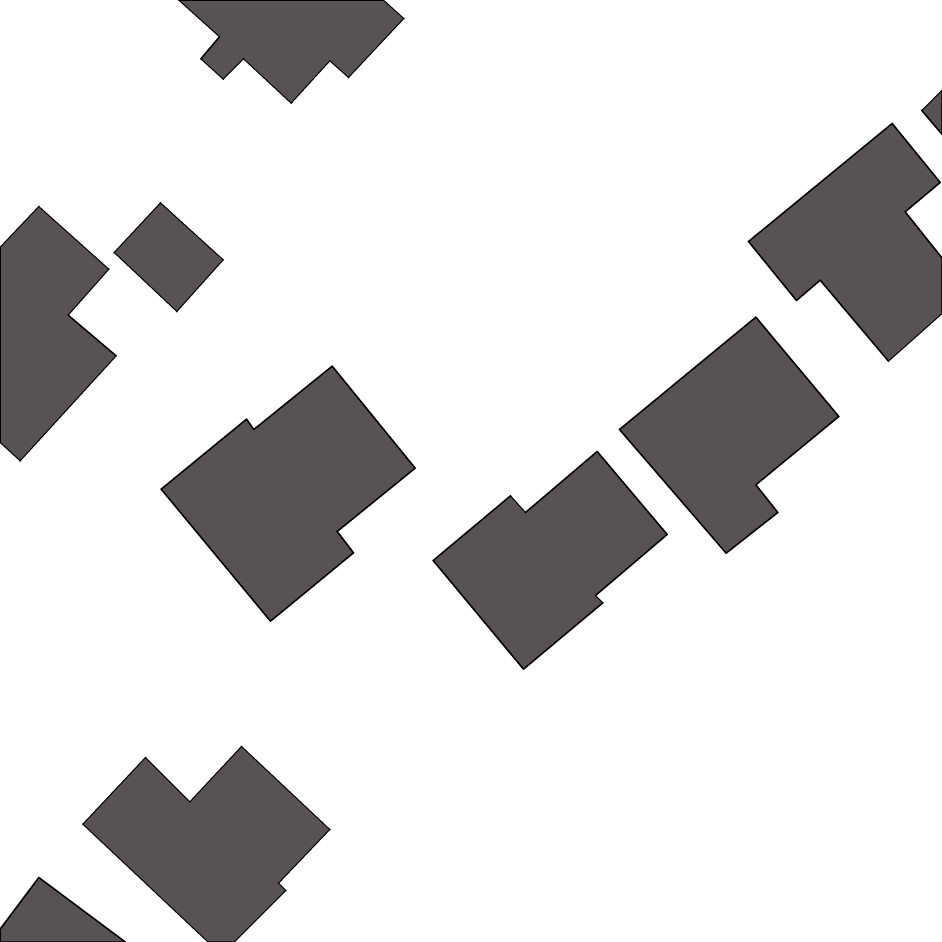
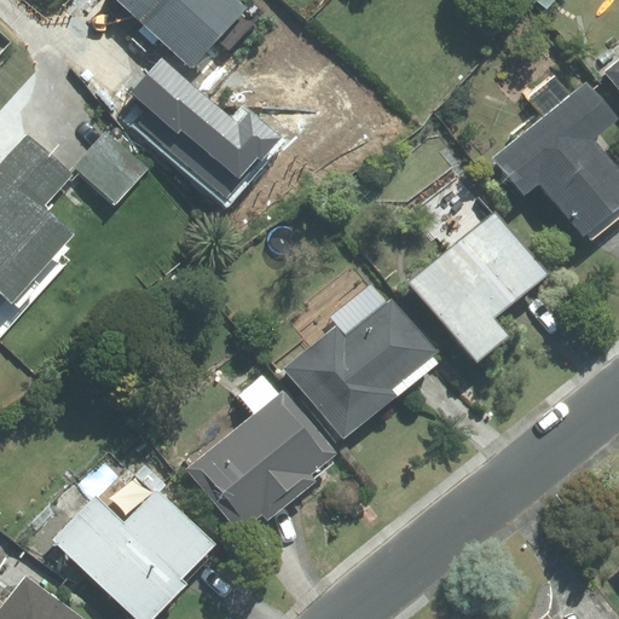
building: none -> [129,58,279,199]
building: [161,366,415,621] -> none
building: none -> [186,389,336,532]

